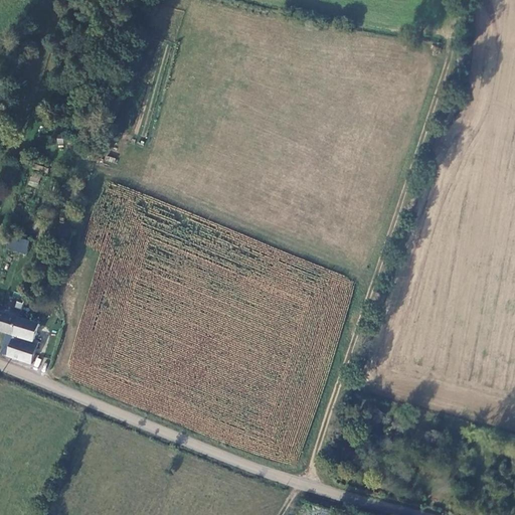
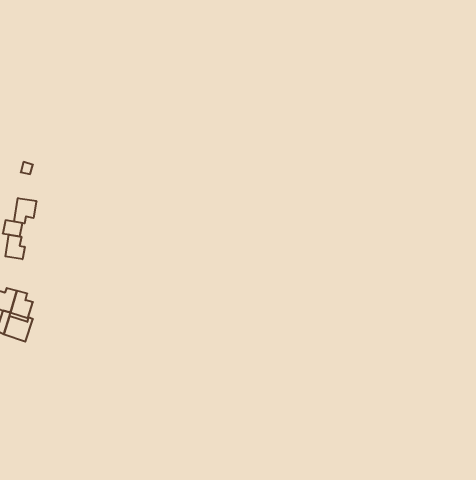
building: none -> [14,198,36,223]
building: none -> [5,234,25,259]

